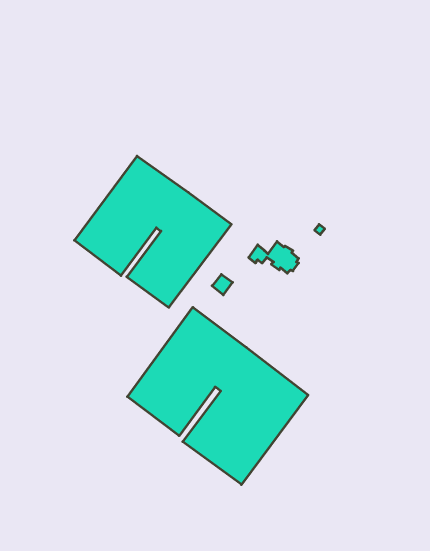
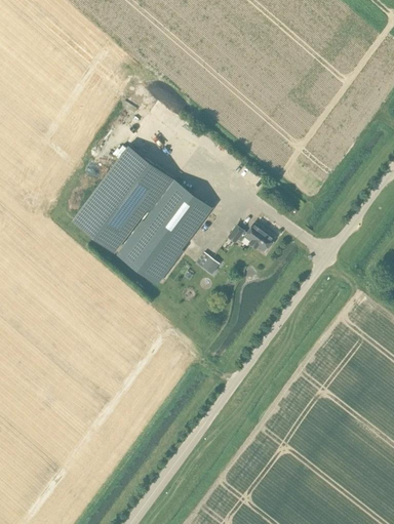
building: [127,307,308,485] -> none

